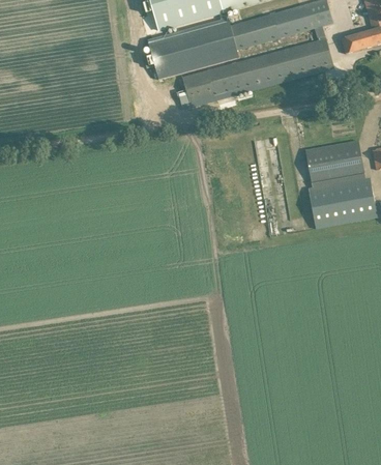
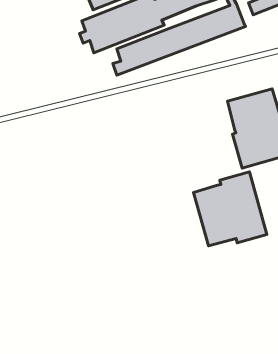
building: none -> [193,172,267,246]

